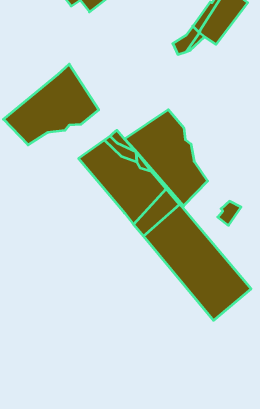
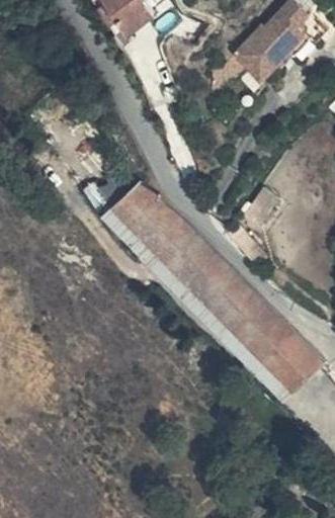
building: [3,64,99,145] -> none
building: [124,110,208,206] -> none

